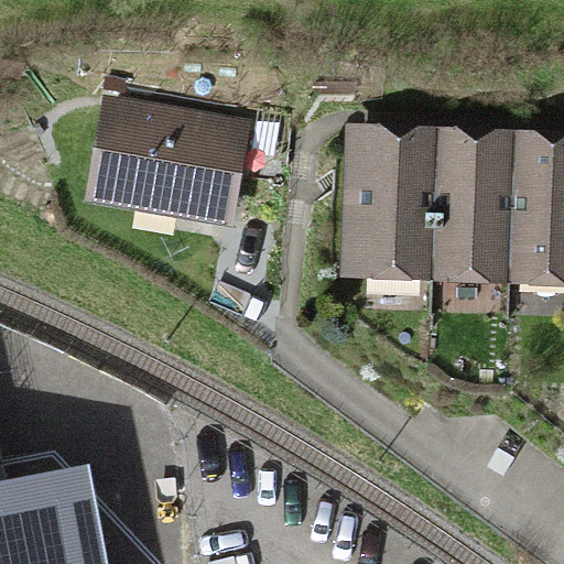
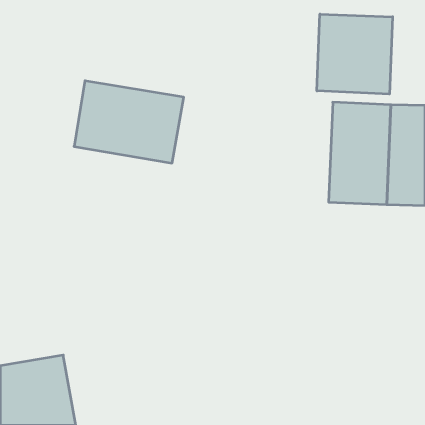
building: none -> [317,14,393,94]
building: [356,132,441,268] -> none

